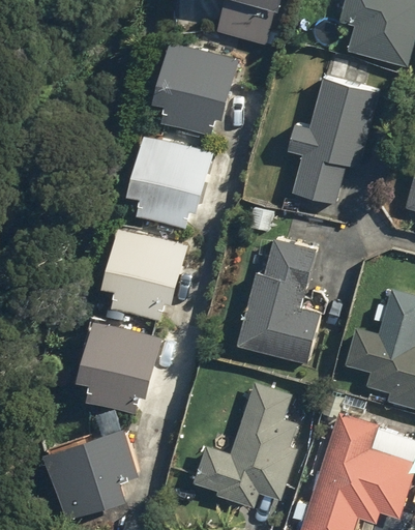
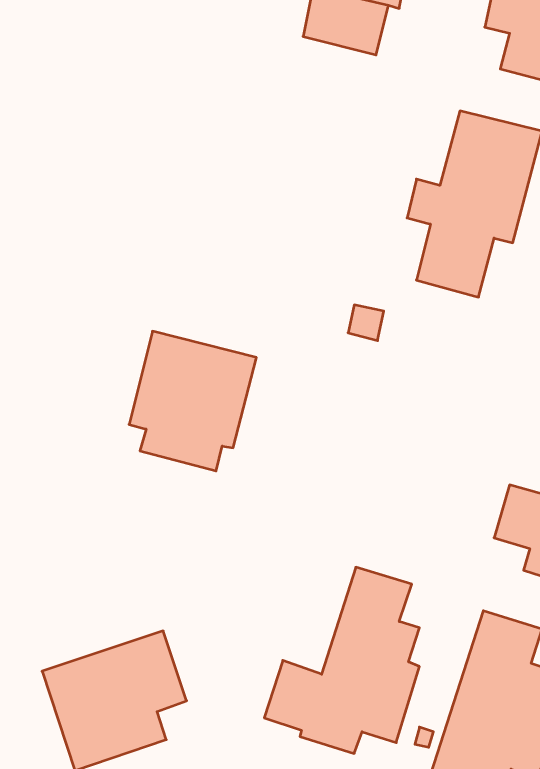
building: [152,42,237,136] -> none
building: [125,135,211,229] -> none
building: [235,239,318,363] -> none
building: [75,321,159,414] -> none

